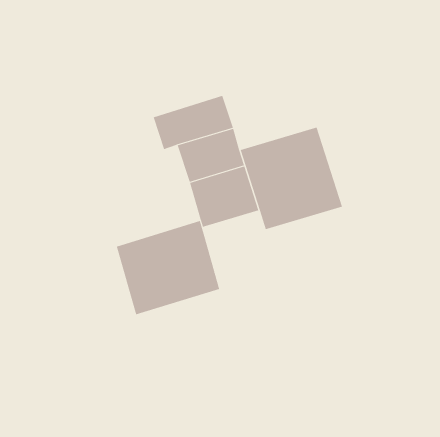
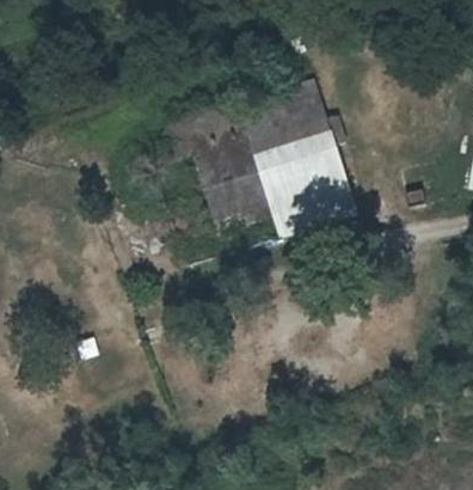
building: none -> [238,78,331,155]
building: [116,220,220,315] -> none

